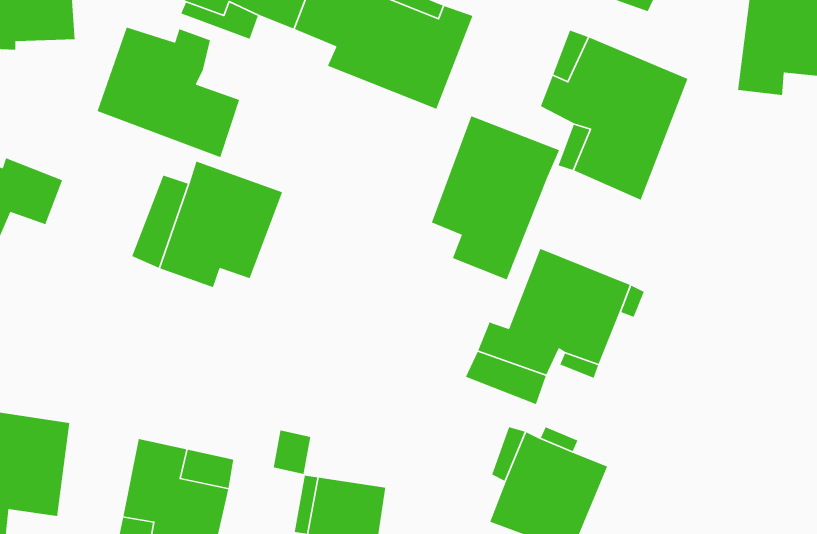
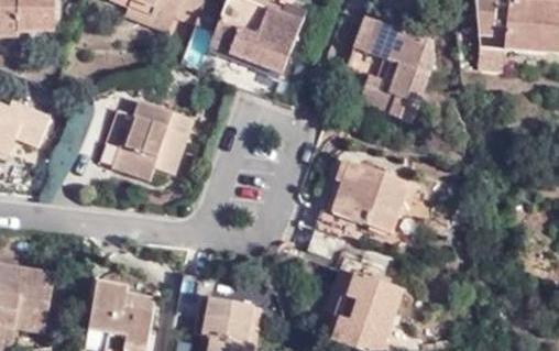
building: [97,26,240,158] -> none
building: [431,115,560,280] -> none

